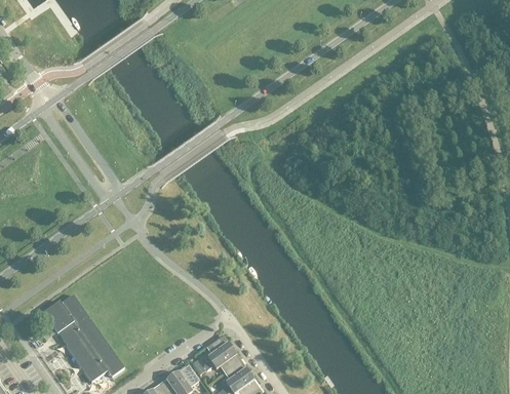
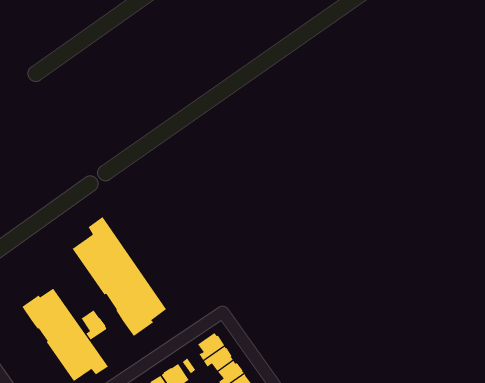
building: none -> [72,216,167,337]
building: none -> [81,309,107,341]

